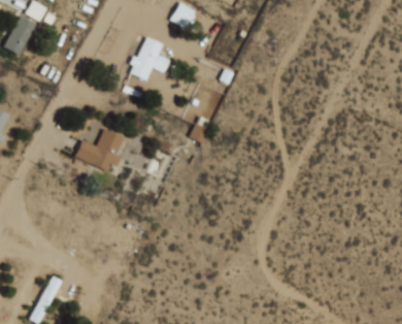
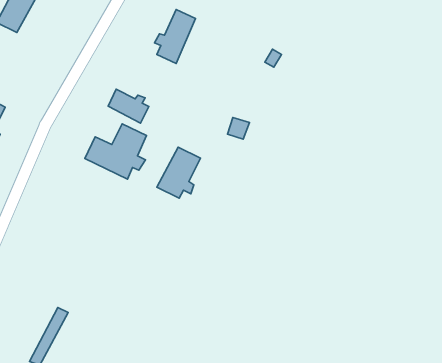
building: none -> [108,89,149,123]
building: none -> [157,147,201,198]

